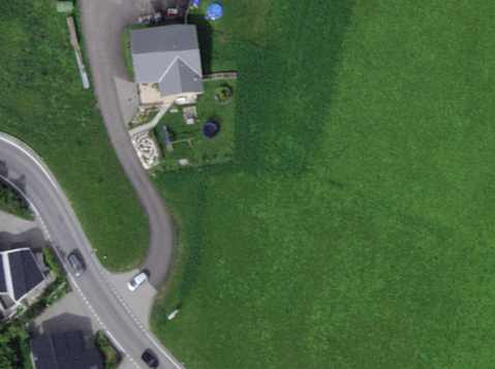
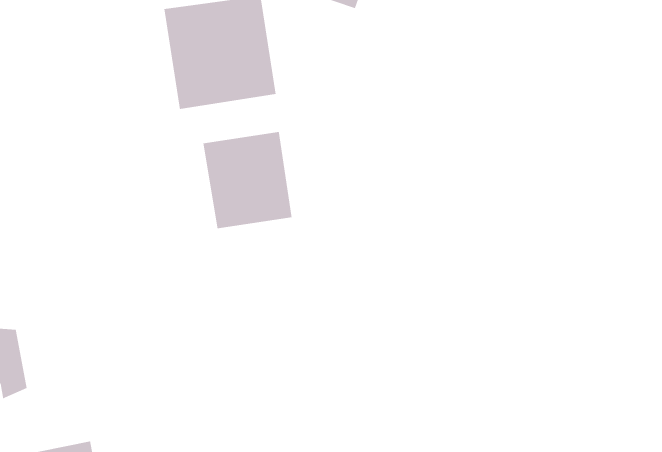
building: none -> [203,131,292,229]

